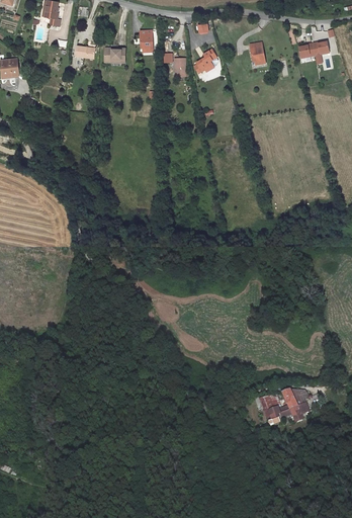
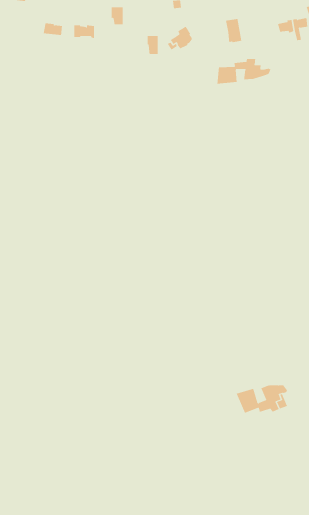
building: none -> [217,58,271,85]

